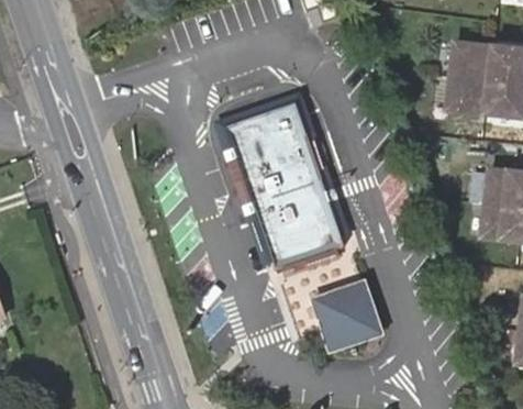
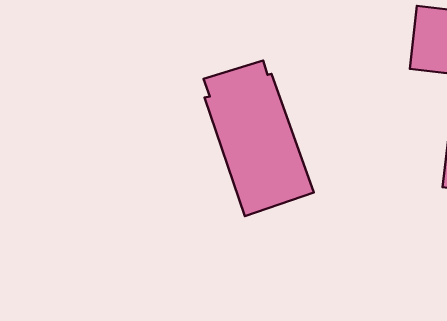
building: [314,279,380,345] -> none

